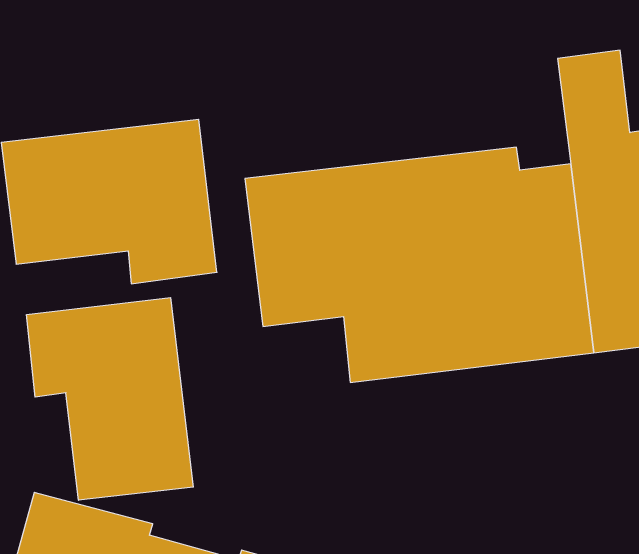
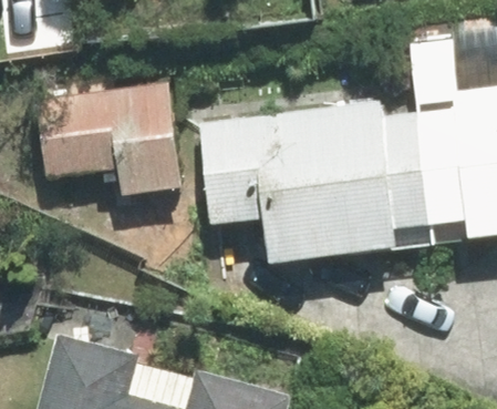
building: [27,298,193,500] -> none

